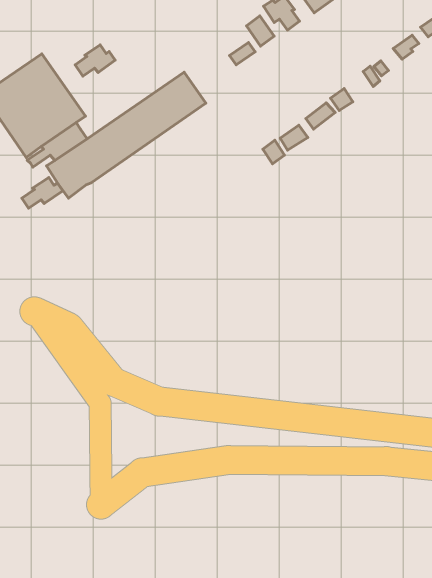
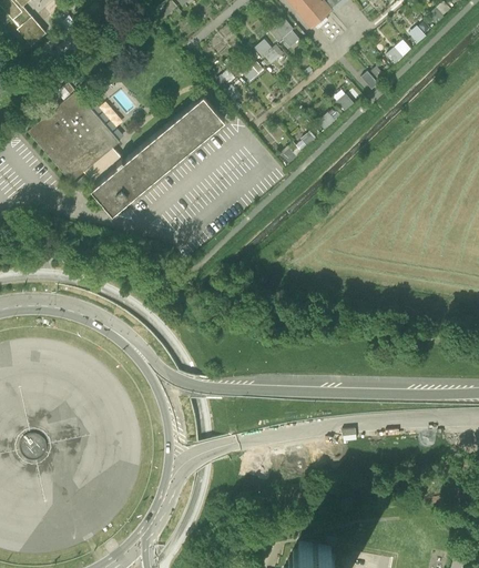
building: [75,45,115,76] -> none
building: [22,178,63,208] -> none

